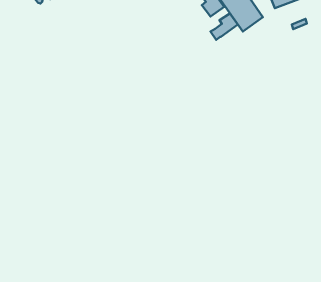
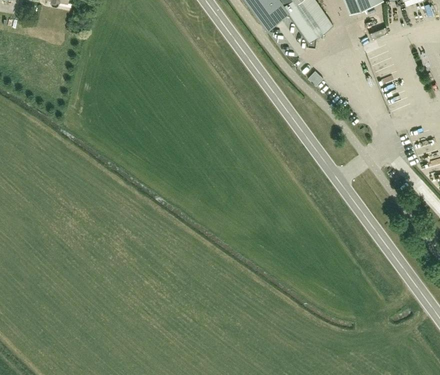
building: [211,14,238,40] -> none

